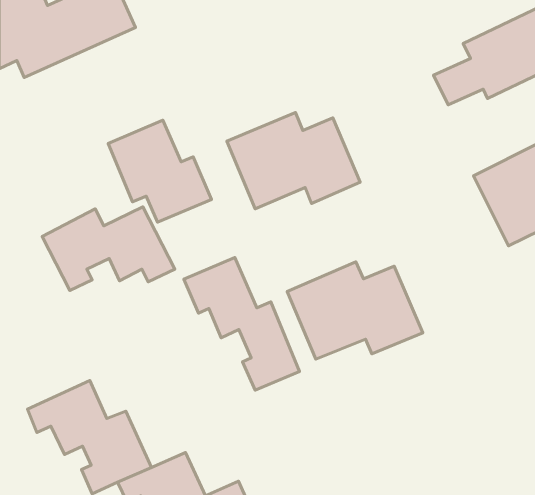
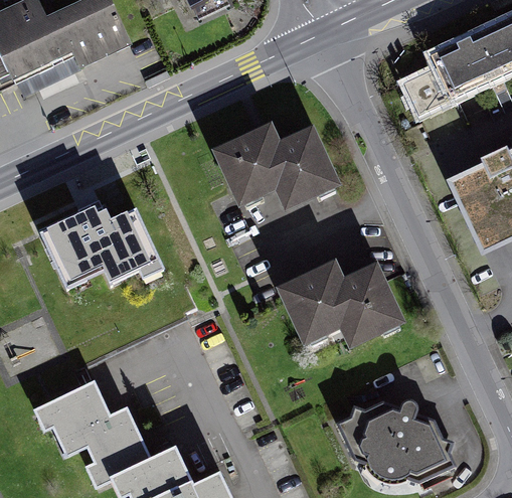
building: [108,120,212,222] -> none
building: [184,258,300,390] -> none
building: none -> [340,401,454,476]

